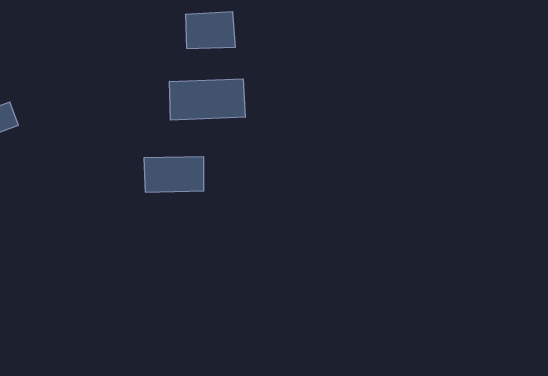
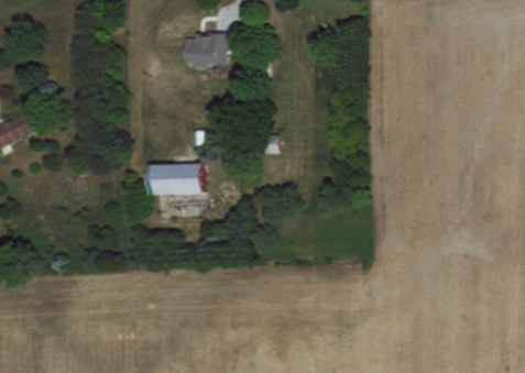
building: [170,79,245,120] -> none

